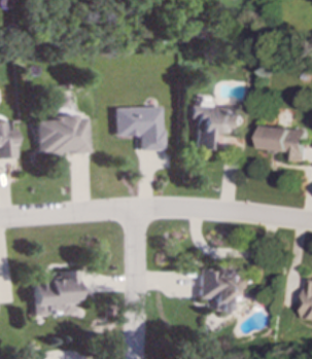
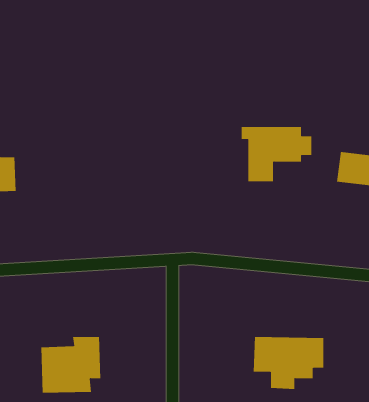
building: [113,106,163,150] -> none
building: [36,114,88,154] -> none

